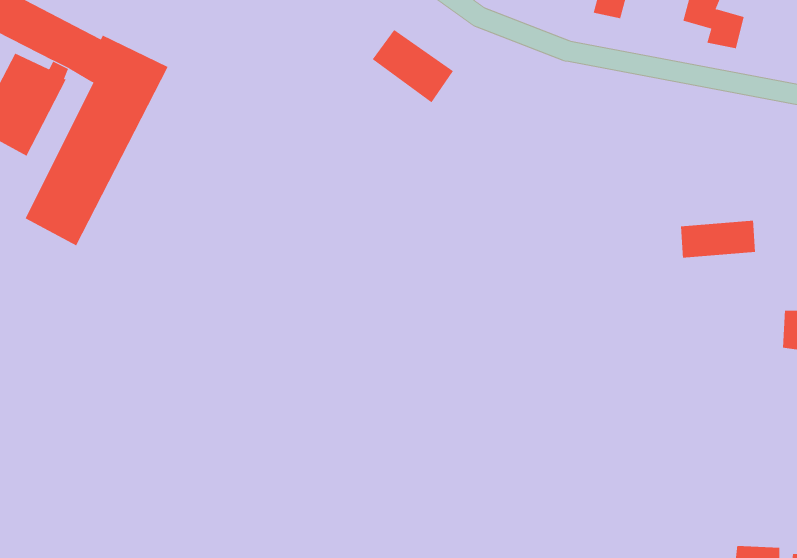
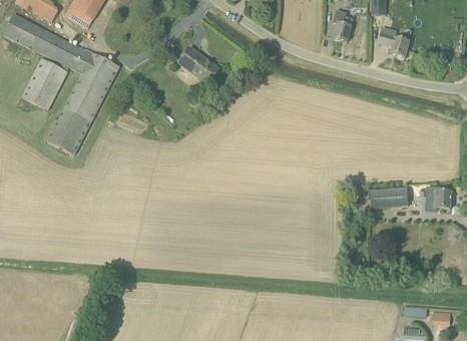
building: [372,29,454,103] -> [178,47,219,84]
building: [680,220,756,258] -> [370,189,408,208]

